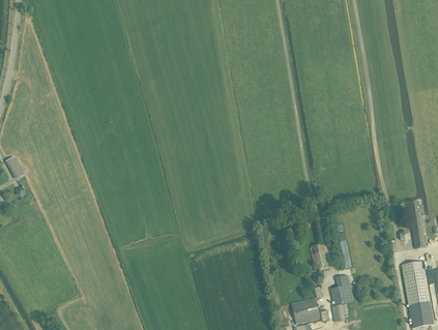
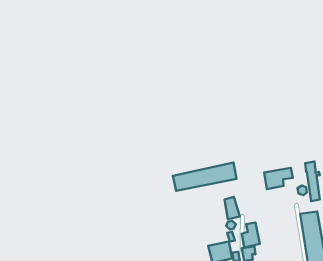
building: none -> [173,163,236,191]
building: none -> [264,168,293,189]

